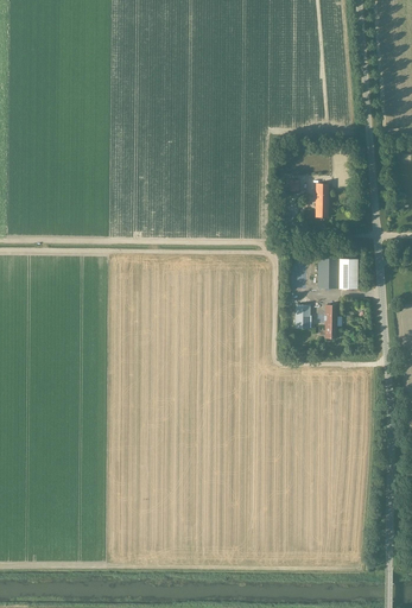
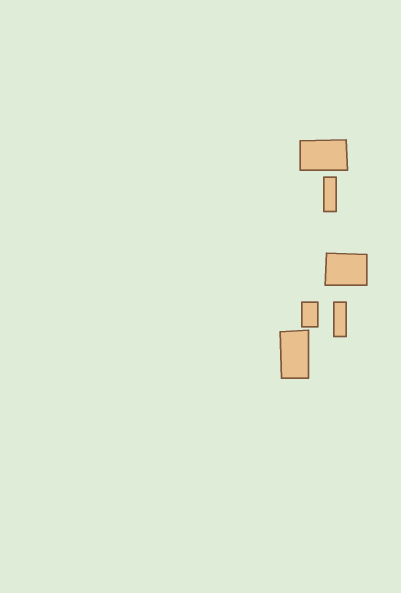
building: none -> [300,140,348,170]
building: none -> [280,330,308,378]

